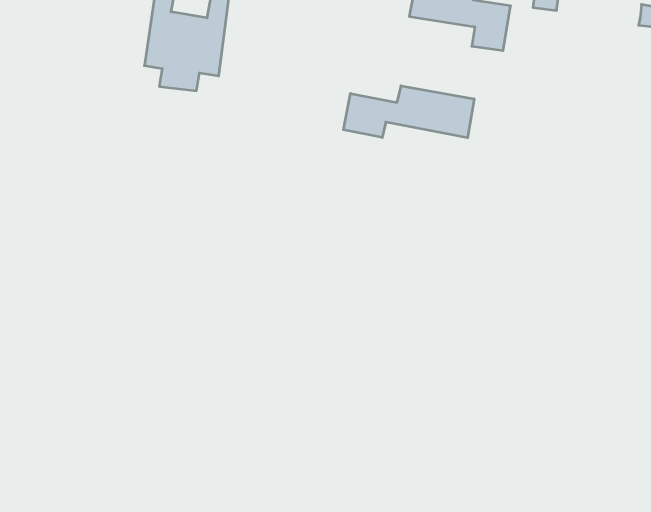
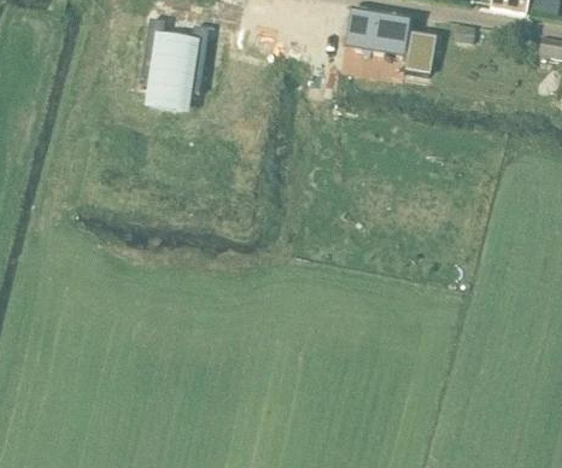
building: [343,86,474,138] -> none

